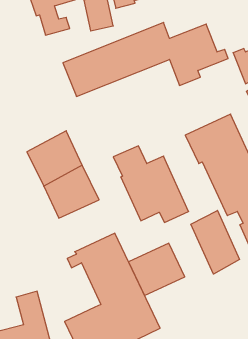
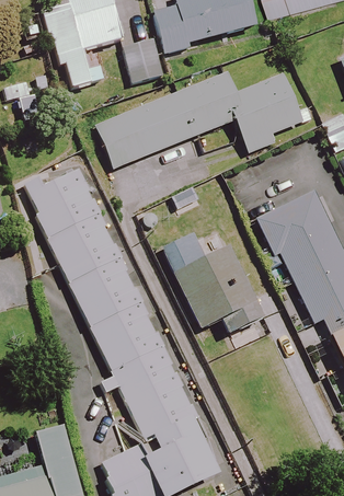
building: none -> [22,168,101,240]
building: [191,210,239,274] -> none
building: [129,243,185,295] -> [91,302,164,370]

